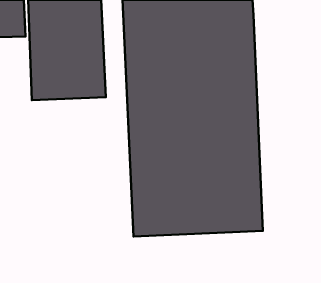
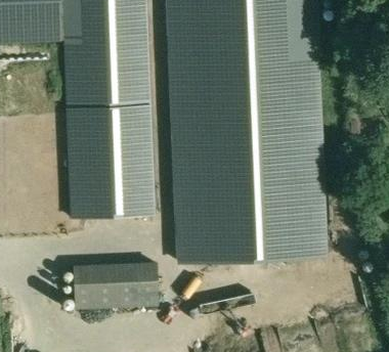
building: none -> [68,108,154,218]
building: none -> [73,263,158,308]

